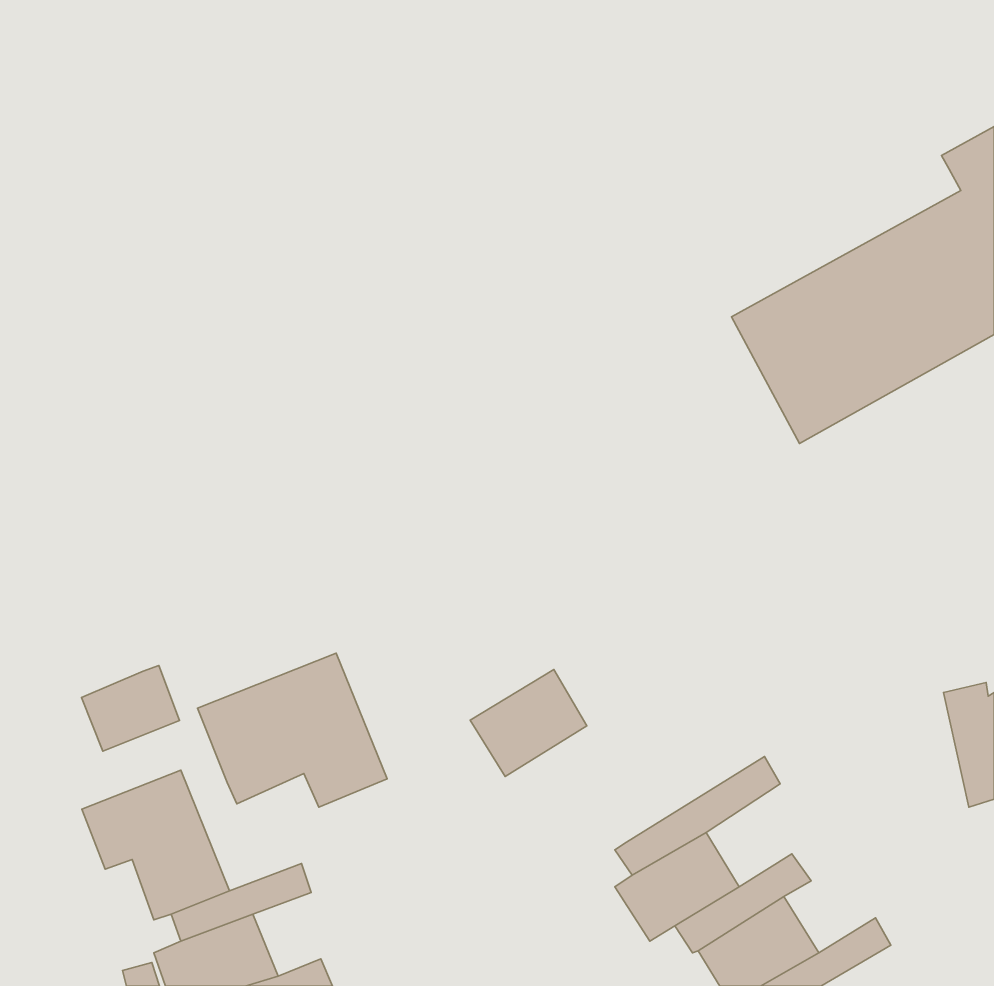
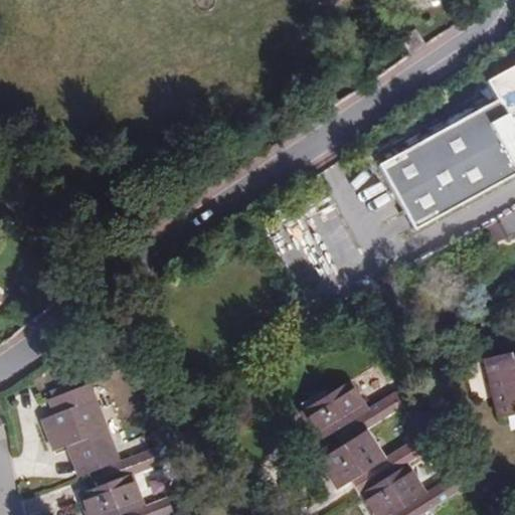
building: [197,653,387,807] -> none
building: [81,666,179,751] -> none
building: [470,670,587,777] -> [306,380,366,436]

